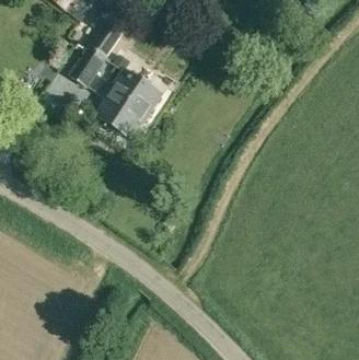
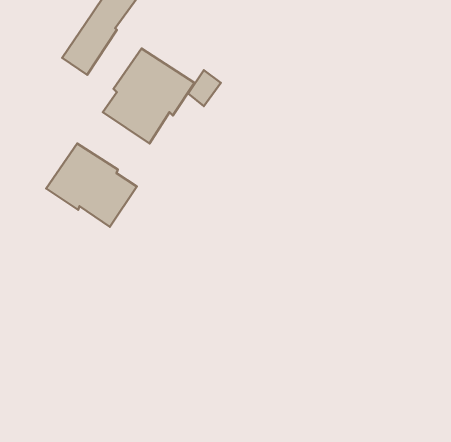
building: none -> [46,143,137,227]

